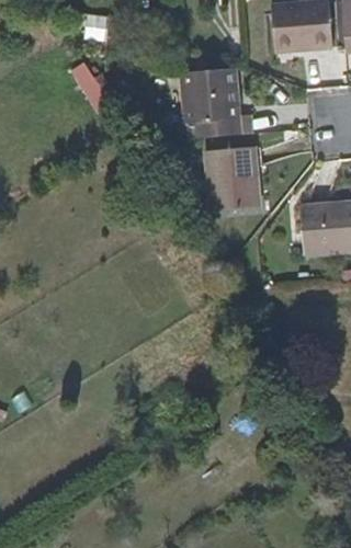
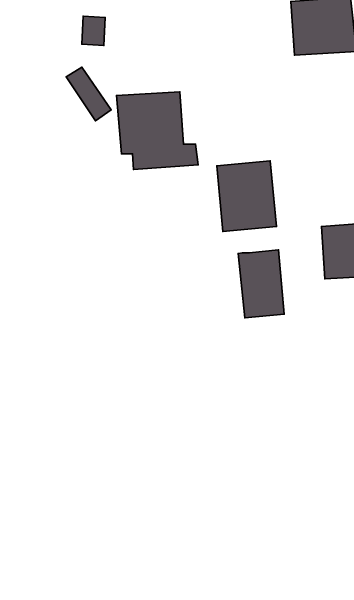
building: [180,67,253,137] -> [117,92,198,170]
building: none -> [238,250,284,318]

